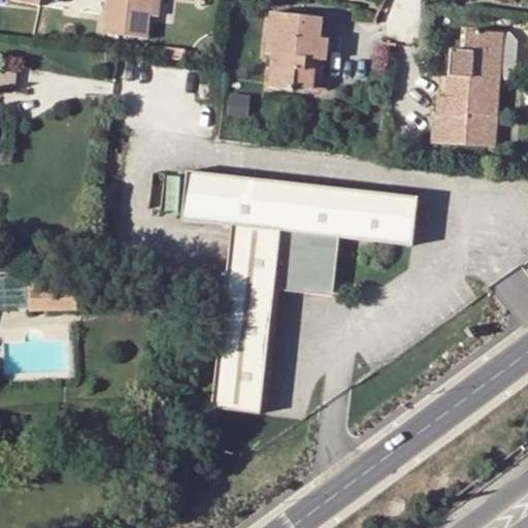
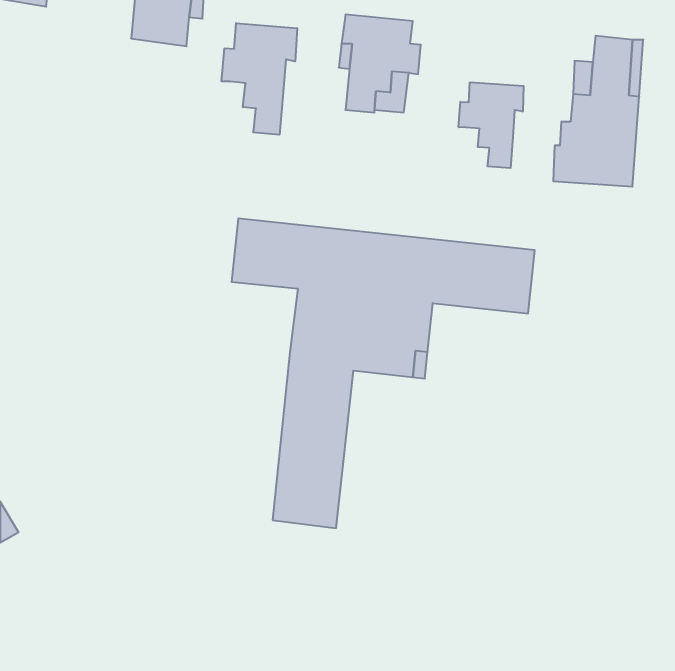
building: none -> [222,23,297,135]
building: none -> [459,82,524,168]

